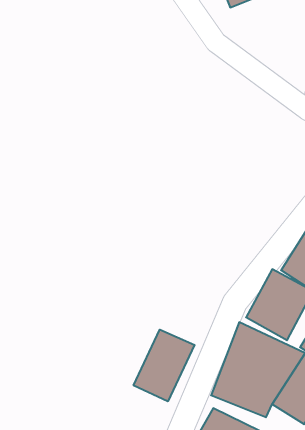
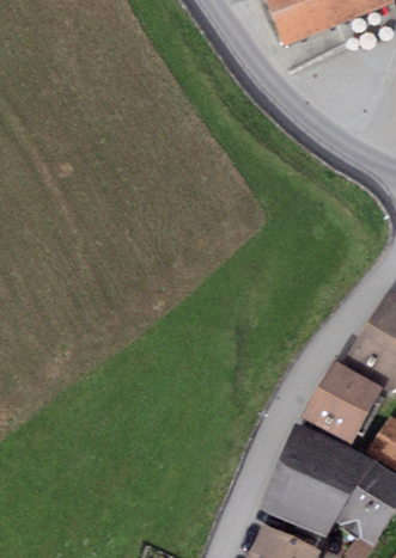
building: [134,330,195,401] -> none

